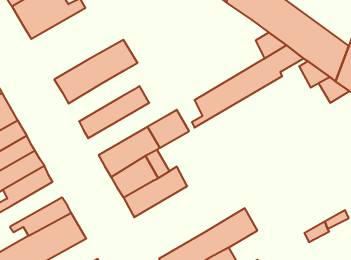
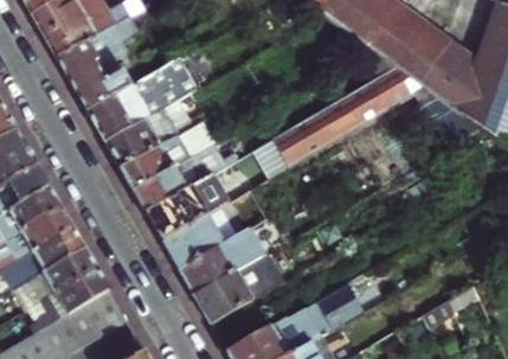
building: none -> [57,14,139,110]
building: none -> [107,98,194,166]
building: none -> [133,141,239,211]
building: none -> [25,246,98,307]
building: none -> [194,251,283,323]

